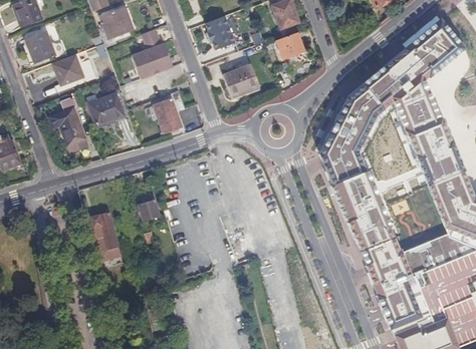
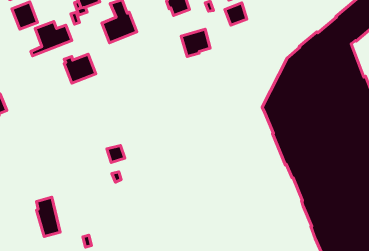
building: [49,99,83,152] -> none
building: [154,99,183,133] -> none
building: [90,213,118,259] -> [36,197,60,237]

